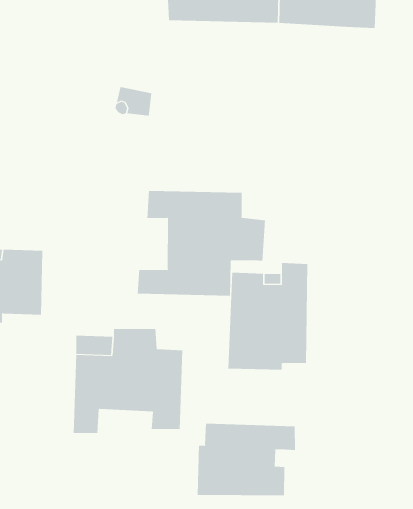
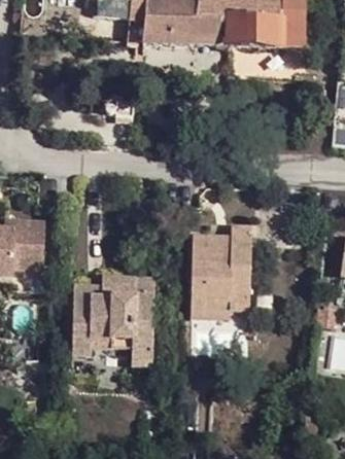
building: [137,190,266,296] -> none
building: [197,423,295,496] -> none

